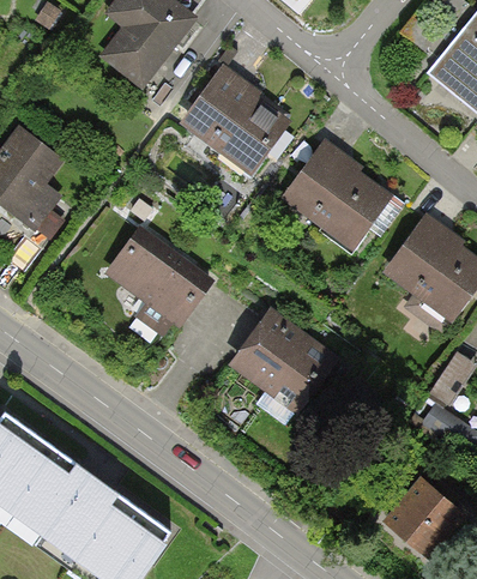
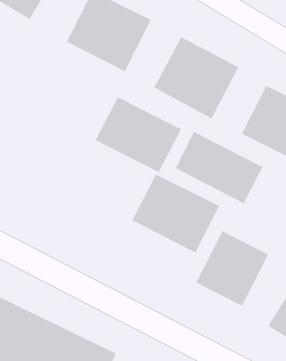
building: [101,225,212,330] -> [95,97,182,173]
building: none -> [175,131,263,204]
building: none -> [195,230,269,307]

